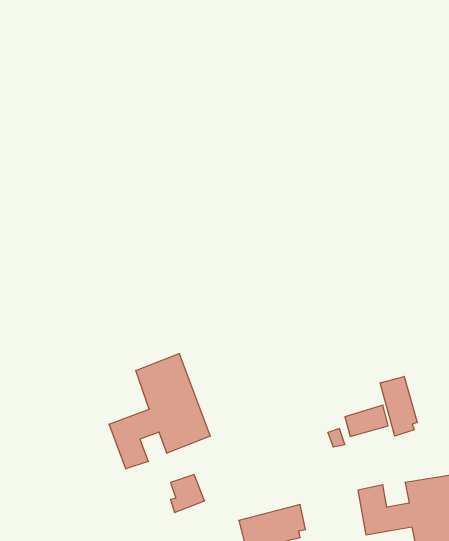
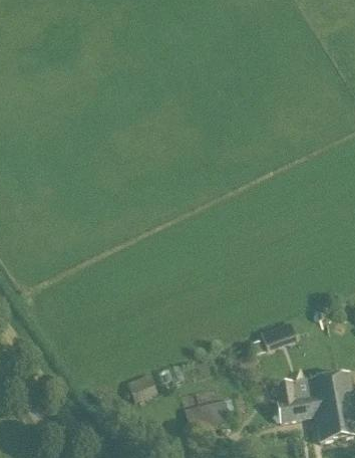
building: [109,354,210,469] -> none
building: [380,376,417,436] -> none

